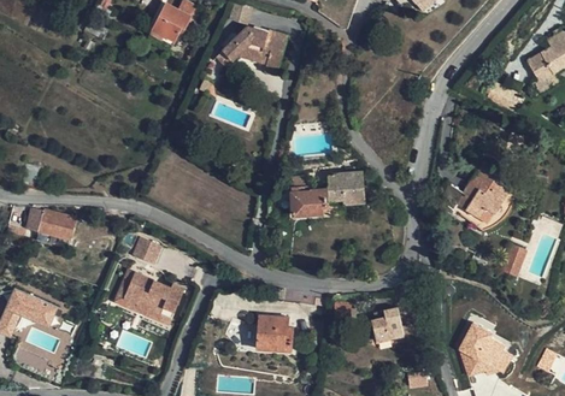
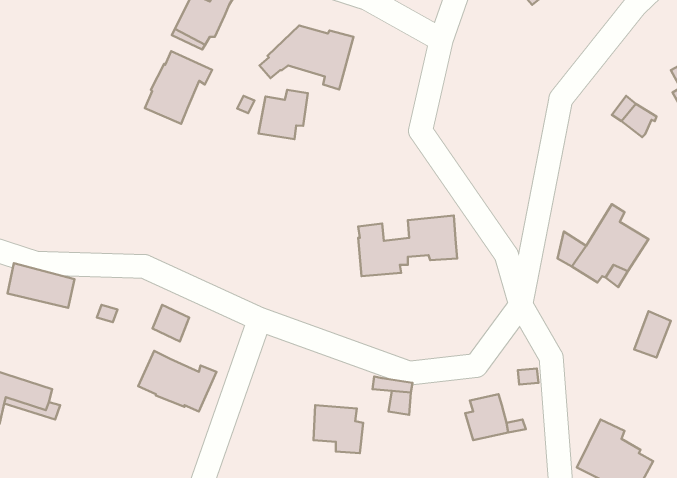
building: none -> [145,51,212,124]
building: none -> [259,90,308,139]
building: [116,270,170,325] -> none

